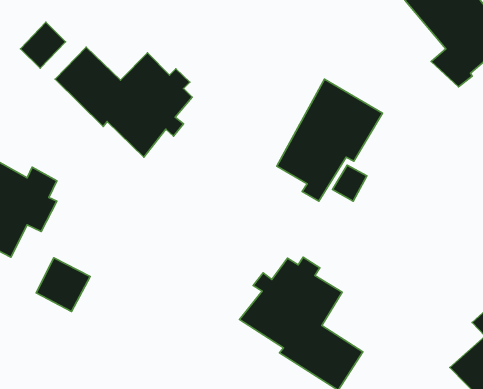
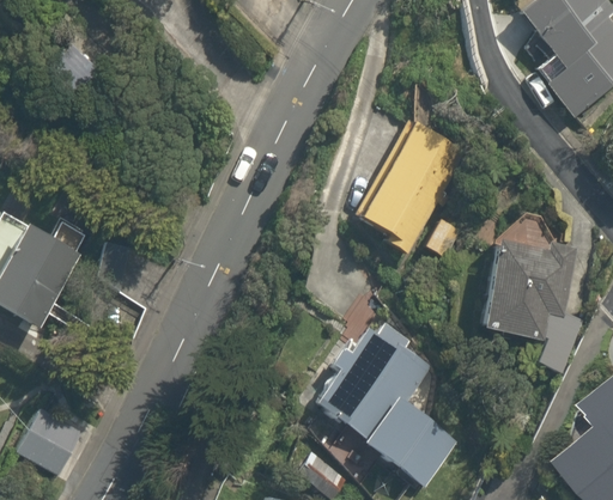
building: [55,47,192,157] -> none
building: none -> [474,239,594,374]
building: [36,258,90,312] -> [20,409,86,475]

